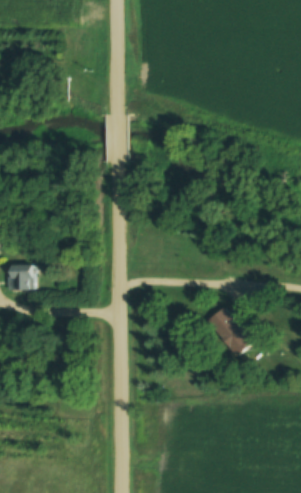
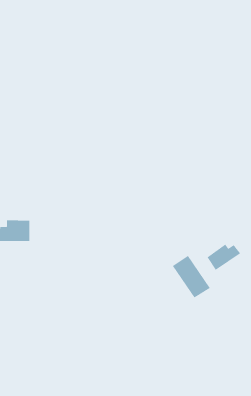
building: none -> [206,244,241,271]

